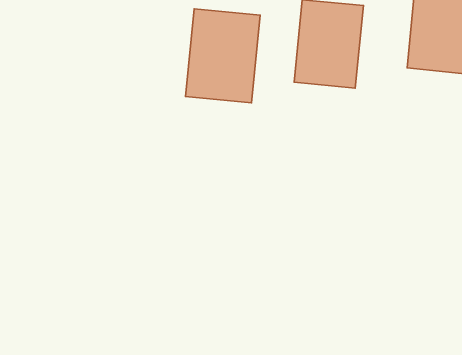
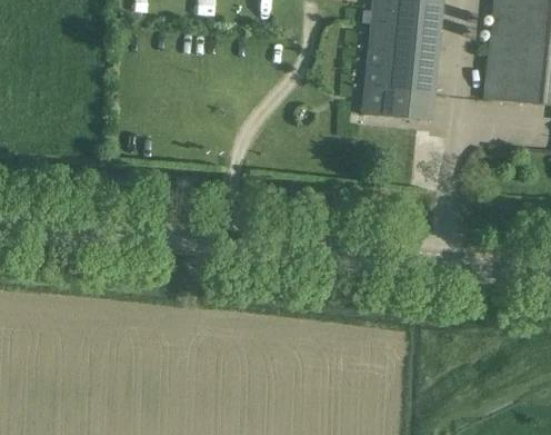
building: [186,9,260,103] -> none

